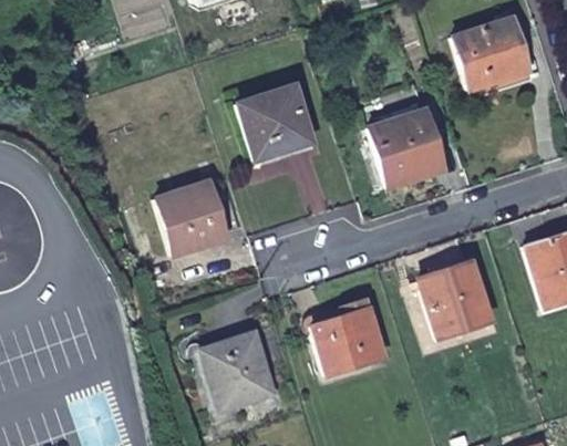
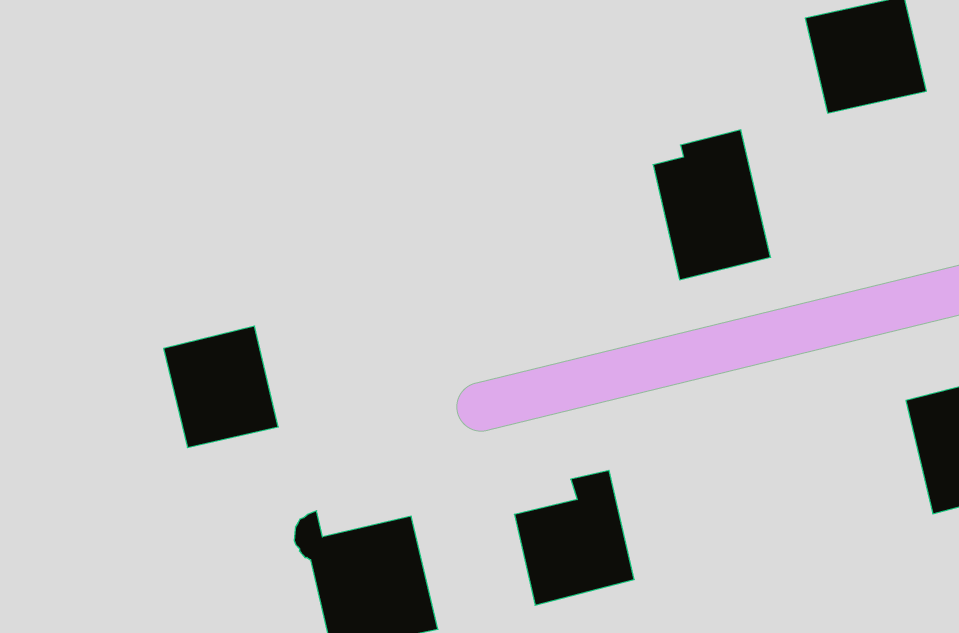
building: [239,85,315,163] -> none
building: [156,185,224,256] -> [164,326,278,448]
building: [421,262,494,338] -> none

